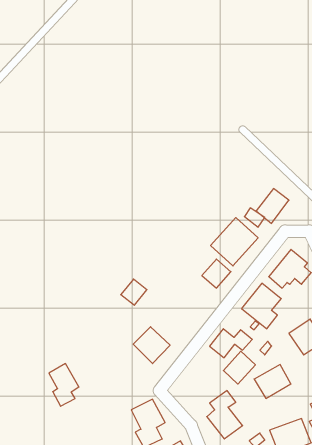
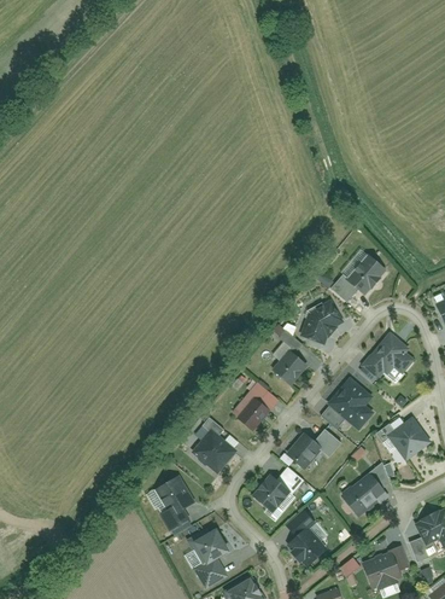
building: [121,279,147,305] -> [242,389,275,421]
building: [223,351,255,384] -> [252,467,292,508]
building: [49,364,79,406] -> [156,472,193,525]

